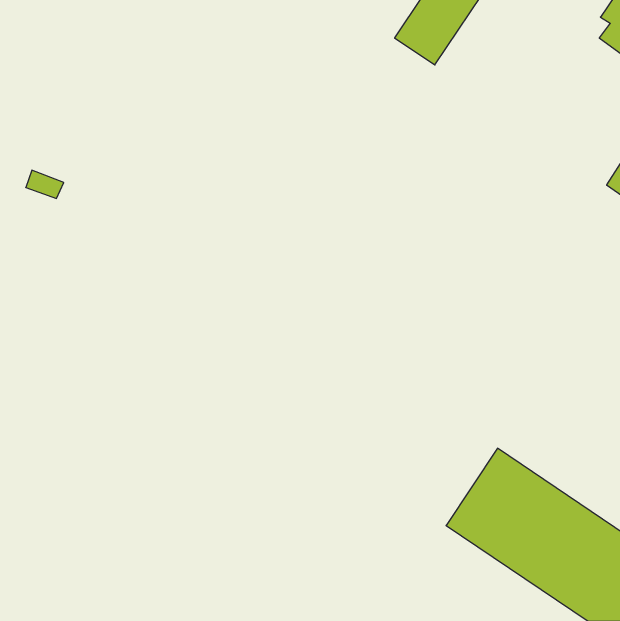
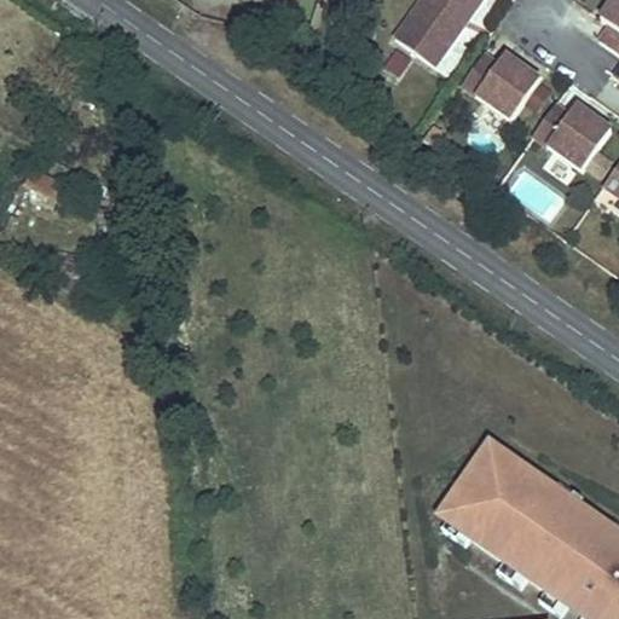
building: none -> [461,53,539,120]
building: none -> [532,103,611,168]

